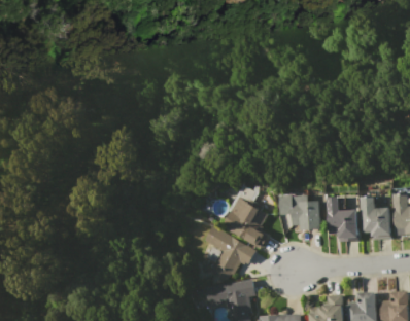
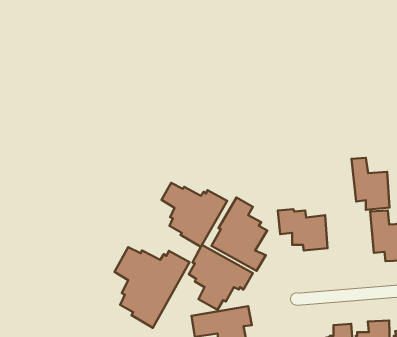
building: none -> [161,183,227,247]
building: [326,197,358,242] -> [352,158,389,210]
building: none -> [114,247,190,328]

